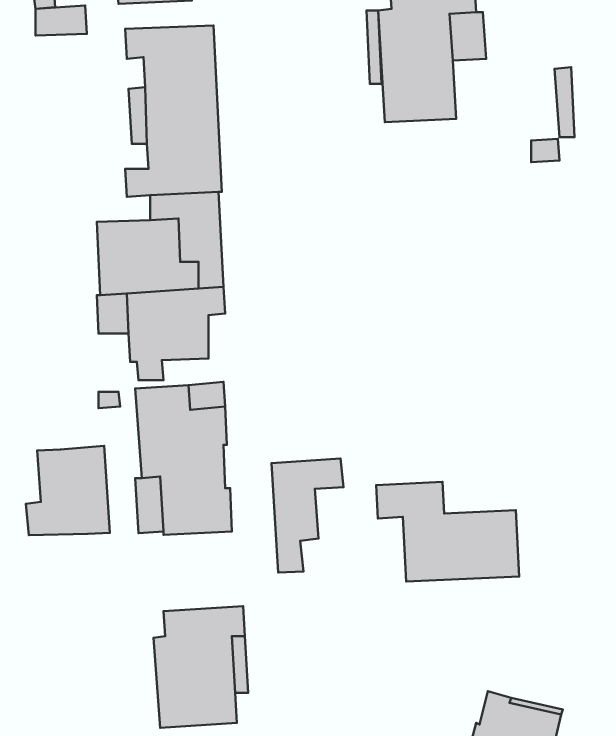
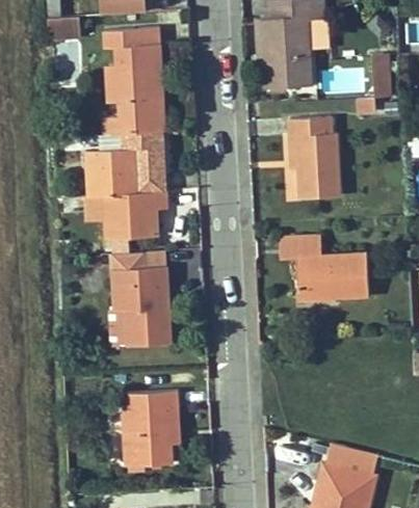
building: none -> [289,117,339,198]
building: [26,446,110,535] -> none
building: [271,458,344,573] -> none
building: [376,482,519,582] -> [279,237,368,299]

